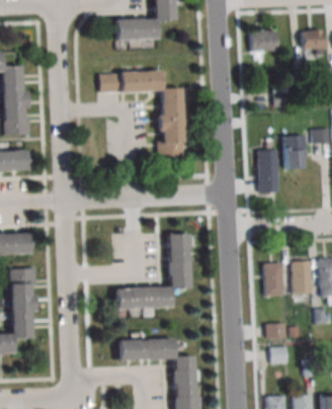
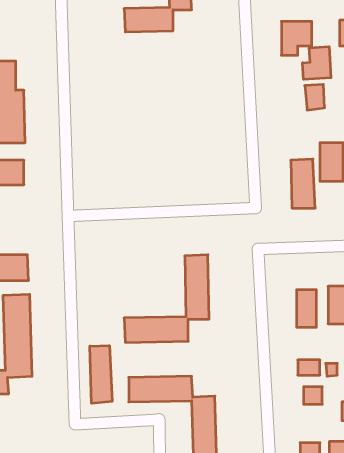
building: none -> [303,47,331,79]
building: [99,70,185,161] -> none
building: none -> [90,346,112,403]

